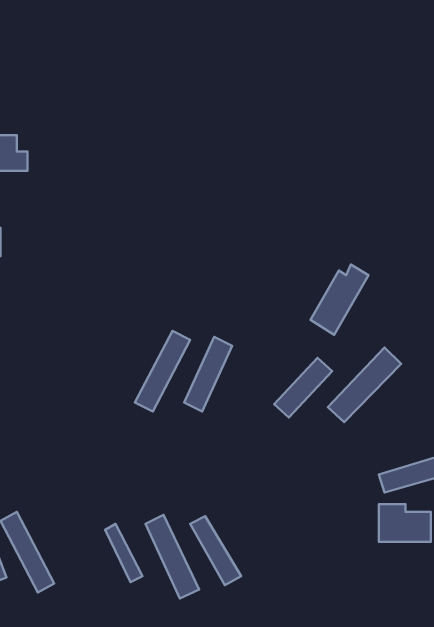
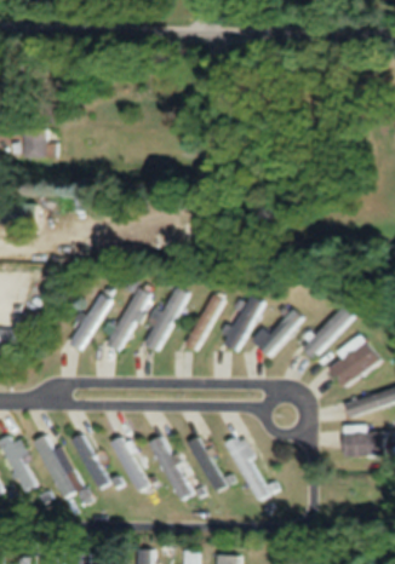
building: [310,265,369,335] -> [217,295,264,352]
building: none -> [107,286,148,353]
building: none -> [63,292,110,352]
building: none -> [325,341,377,390]
building: none -> [74,433,124,493]
building: none -> [227,436,279,502]

